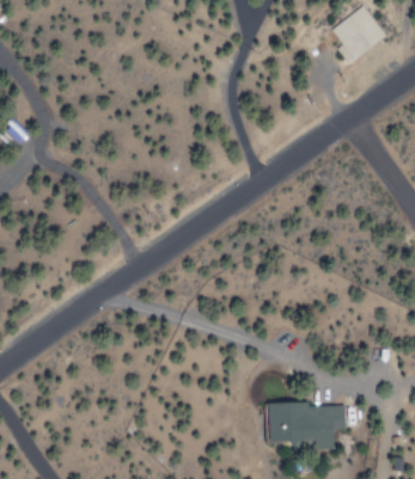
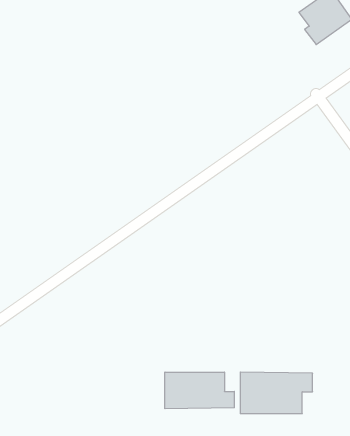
building: none -> [165,372,234,409]

